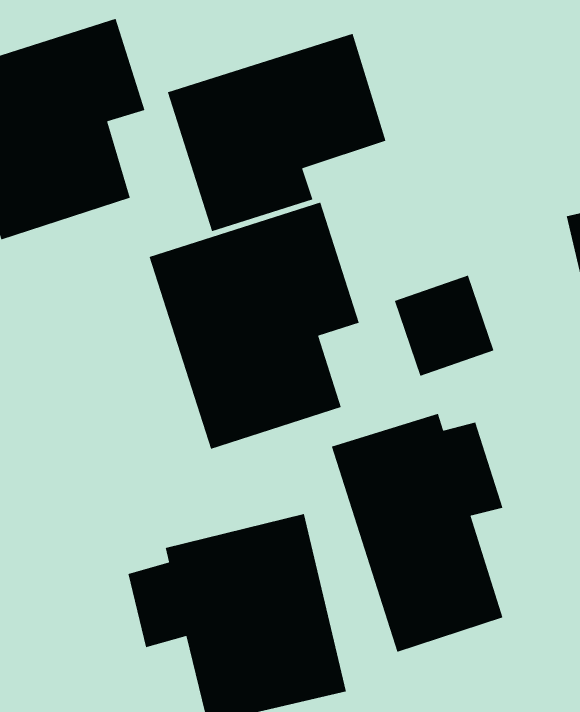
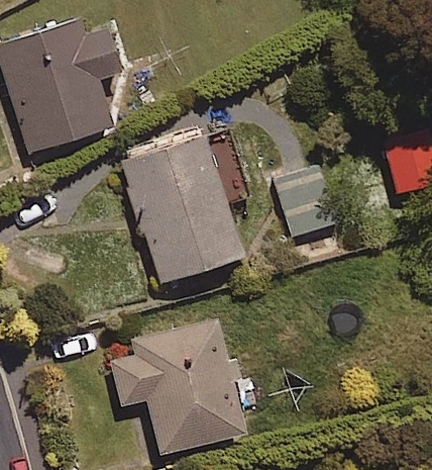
building: [167,33,387,232] -> none
building: [331,413,504,653] -> none

